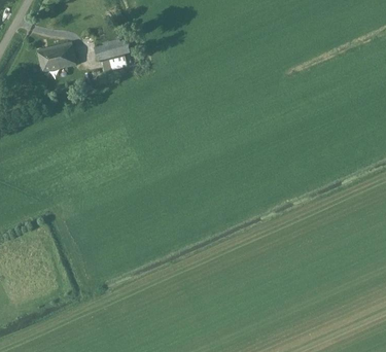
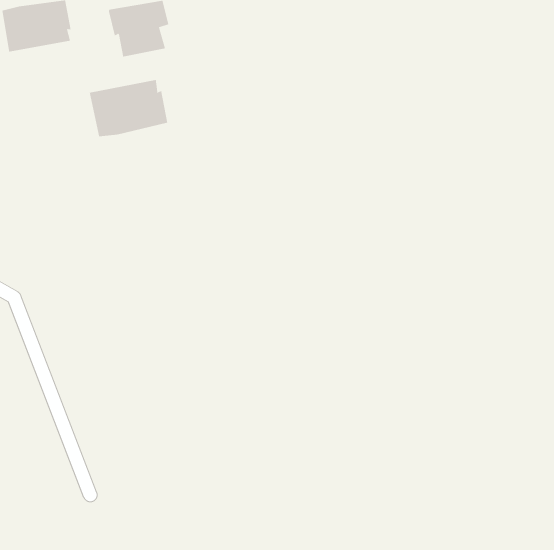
building: none -> [89,79,168,137]

